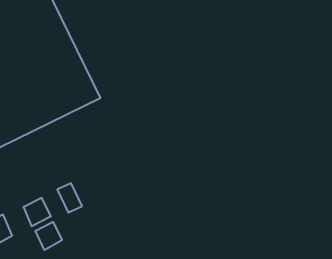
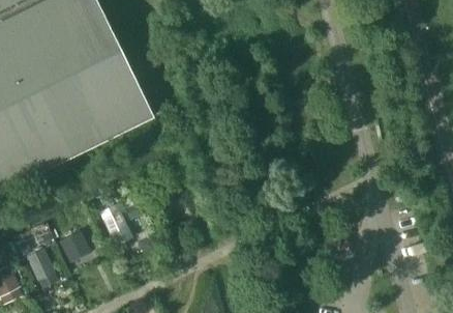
building: [35,222,62,250] -> none

